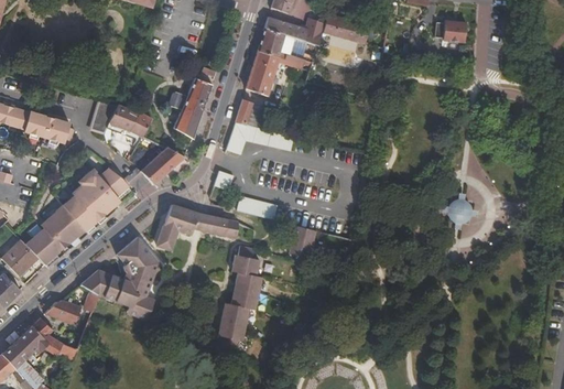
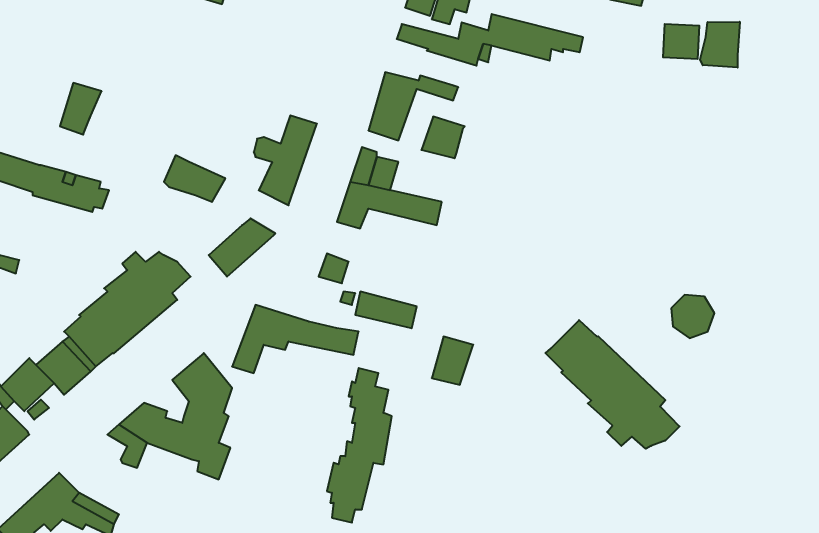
building: none -> [700,22,740,68]
building: [257,29,285,56] -> [421,117,465,158]
building: [90,100,118,134] -> [60,83,102,135]
building: none -> [545,320,680,449]
building: [44,299,83,326] -> none

